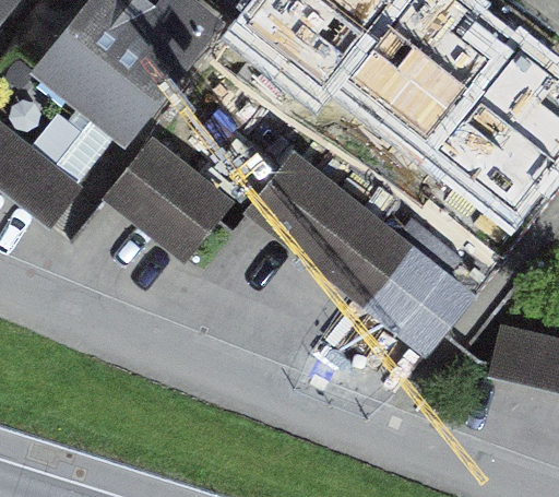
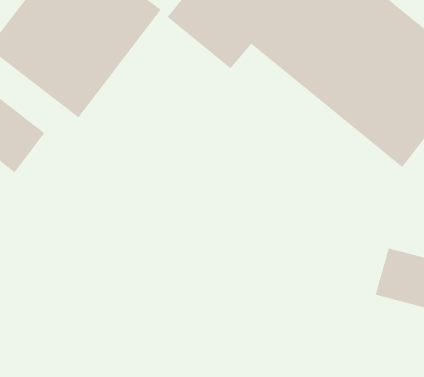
building: [104,137,233,263] -> none
building: [248,147,475,353] -> none

